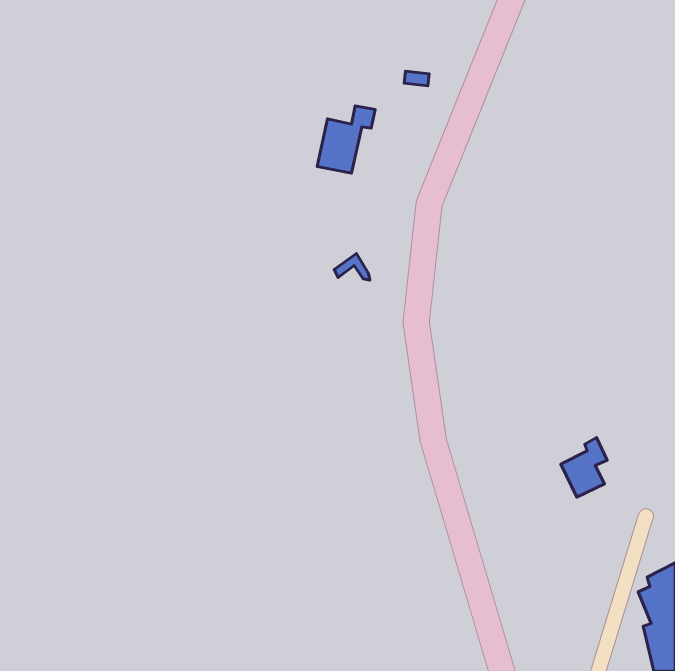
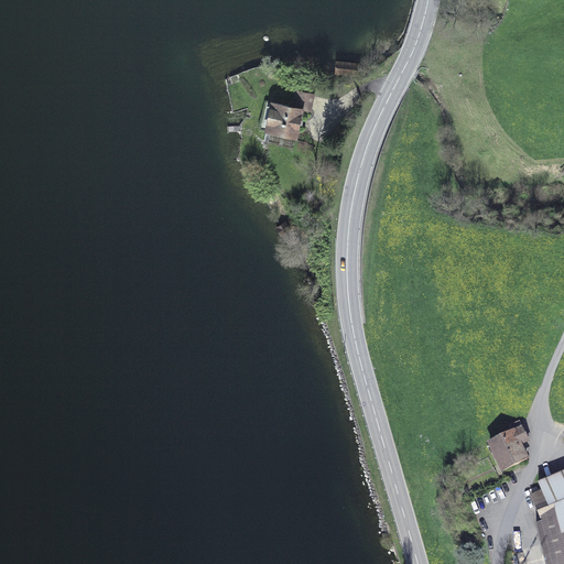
building: [561,438,607,497] -> [490,419,529,468]

